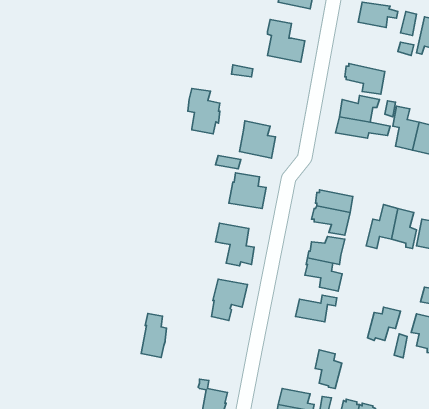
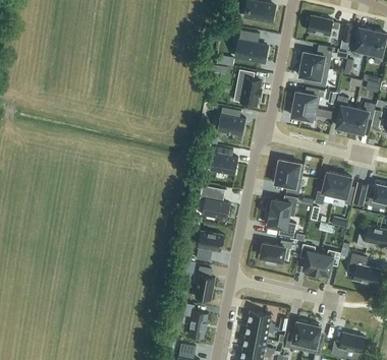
building: none -> [299,44,332,69]
building: [188,89,220,134] -> [236,70,261,105]
building: [141,314,167,358] -> [195,266,214,300]
building: [315,350,342,389] -> [299,243,320,273]

